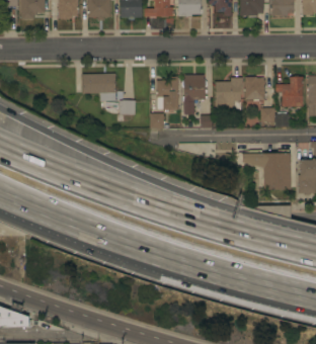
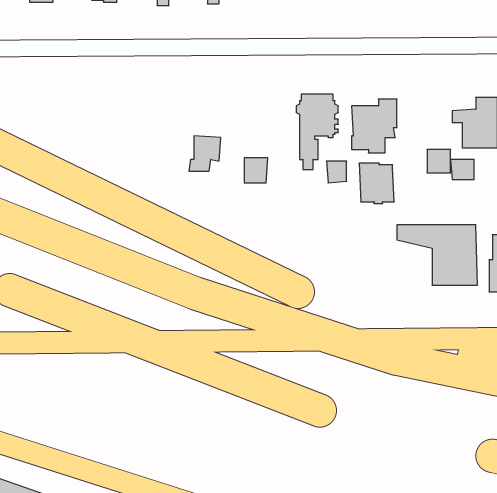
building: [82,73,115,100] -> none
building: [156,76,178,110] -> none
building: [244,76,265,100] -> [359,163,394,204]

